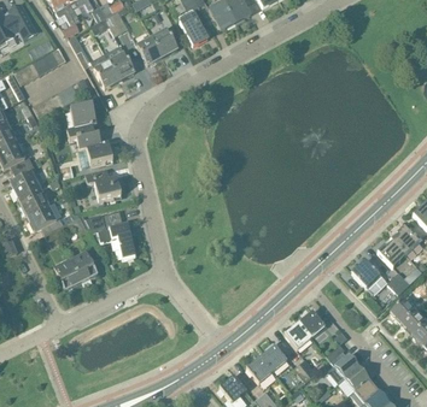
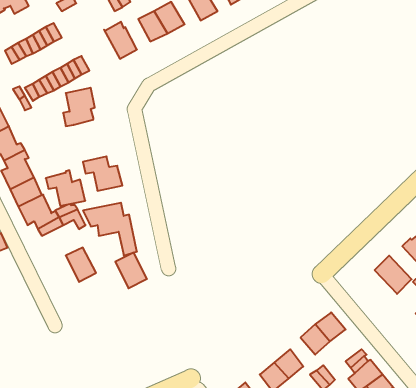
building: [69,34,119,88] -> none
building: [77,132,113,165] -> [46,170,85,206]
building: [53,259,82,291] -> [115,253,147,288]

